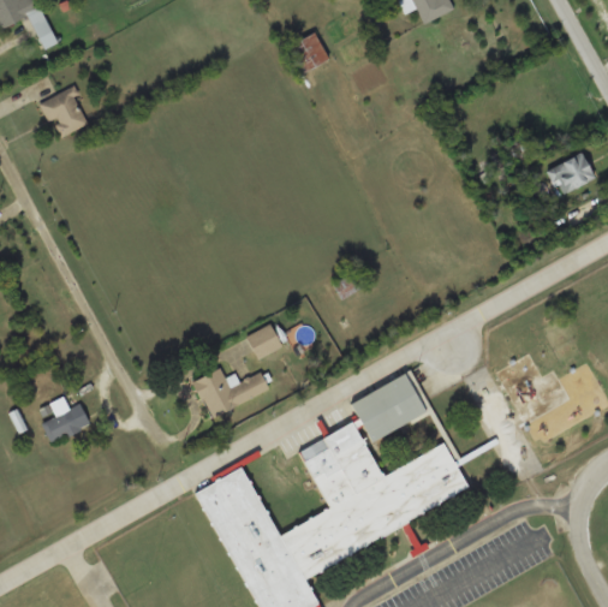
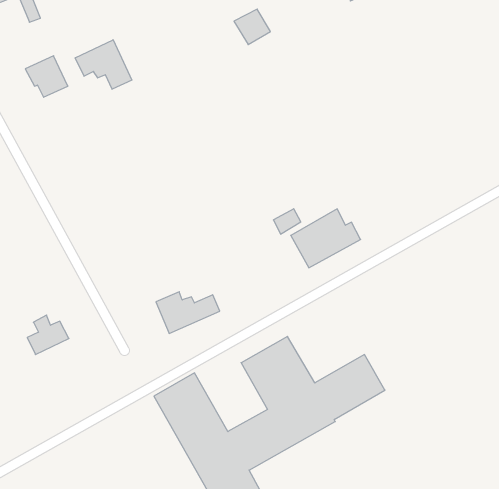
building: none -> [75,40,132,89]
building: [548,151,596,196] -> none
building: [246,323,284,359] -> none
building: [348,373,431,442] -> [291,209,361,268]

